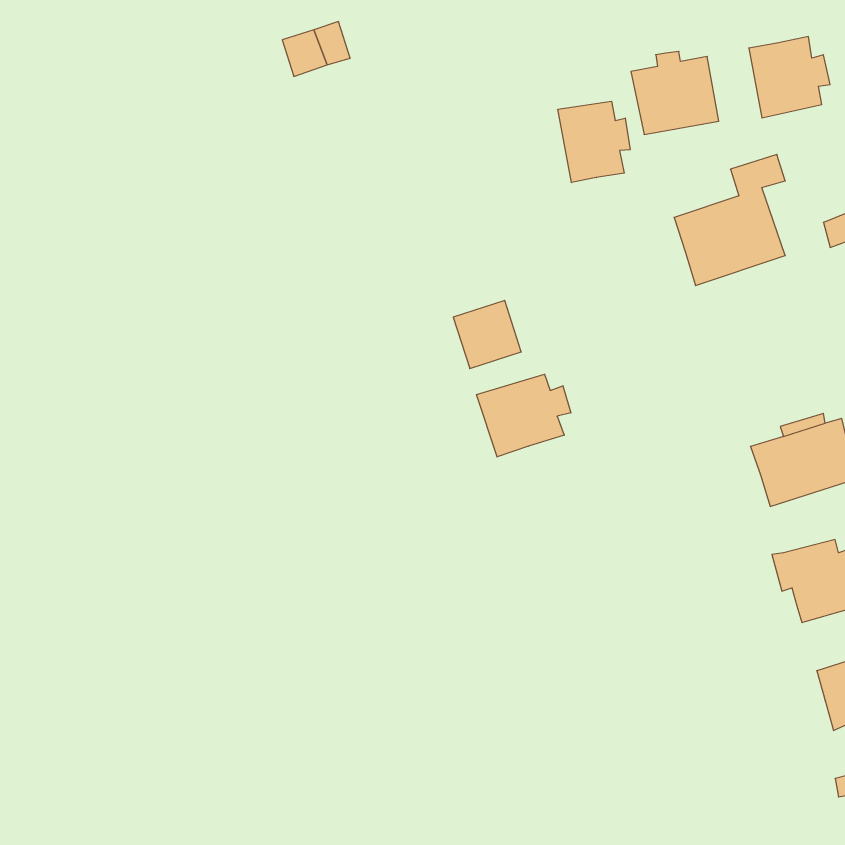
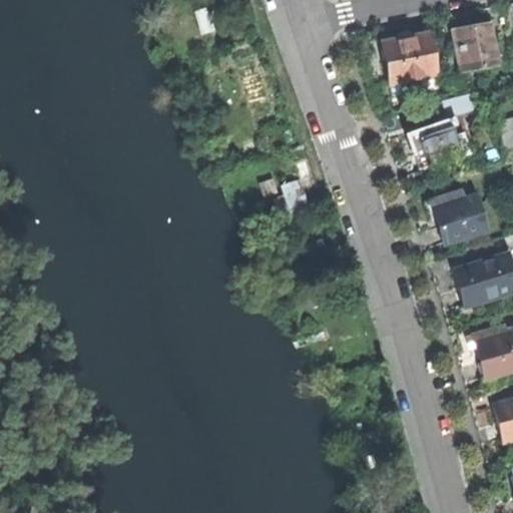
building: [558,101,630,183] -> none
building: none -> [435,188,487,242]
building: [477,374,571,457] -> none

